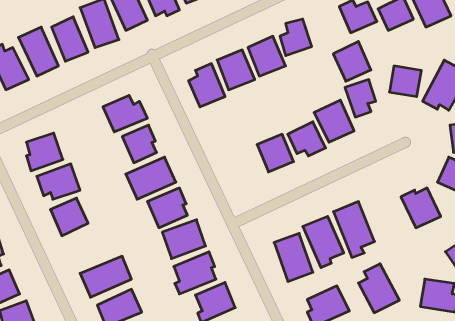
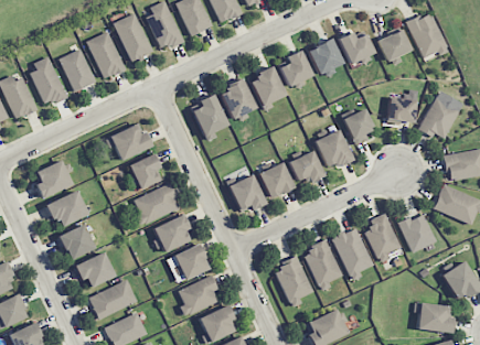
building: [333,41,371,81] -> [308,37,344,76]
building: none -> [228,174,266,214]
building: none -> [75,252,116,287]
building: [358,264,399,313] -> [364,213,404,260]

